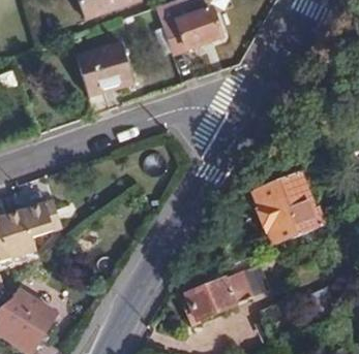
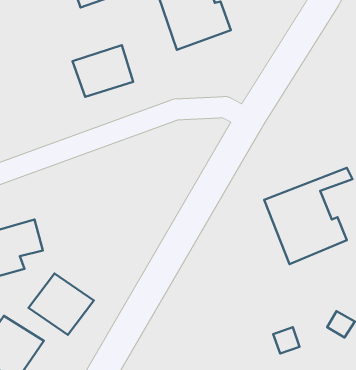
building: none -> [29,274,94,335]
building: [176,271,251,322] -> none

